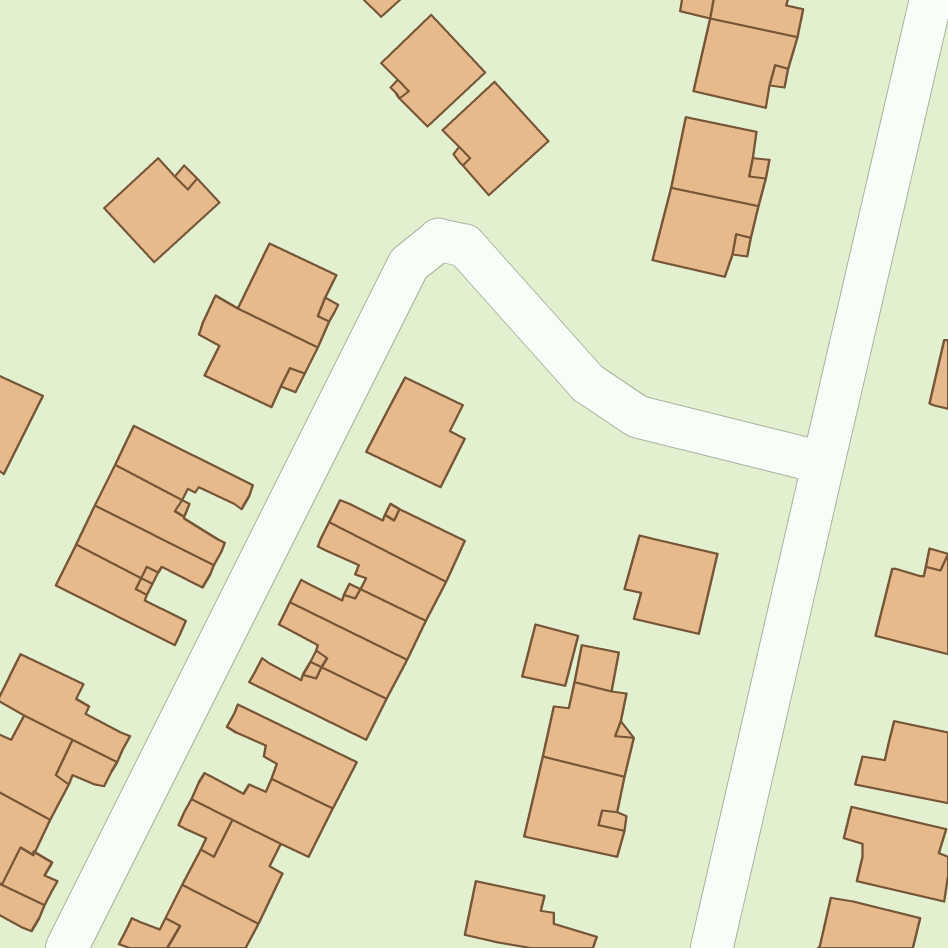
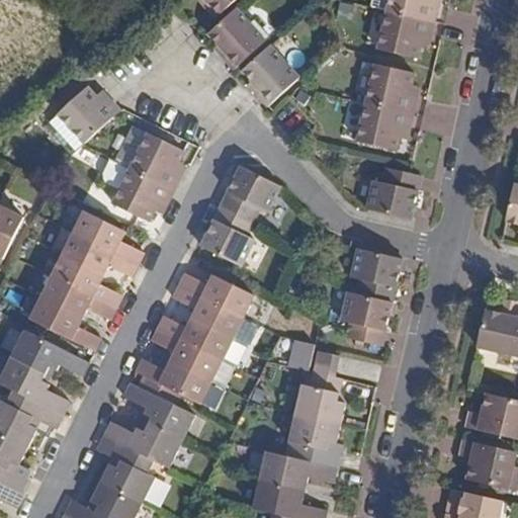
building: none -> [221,165,280,221]
building: none -> [366,168,420,219]
building: none -> [73,210,145,264]
building: none -> [350,248,401,301]
building: none -> [11,329,90,375]
building: none -> [259,450,336,488]

